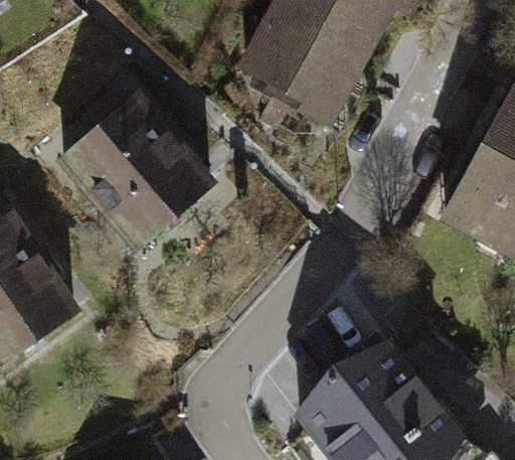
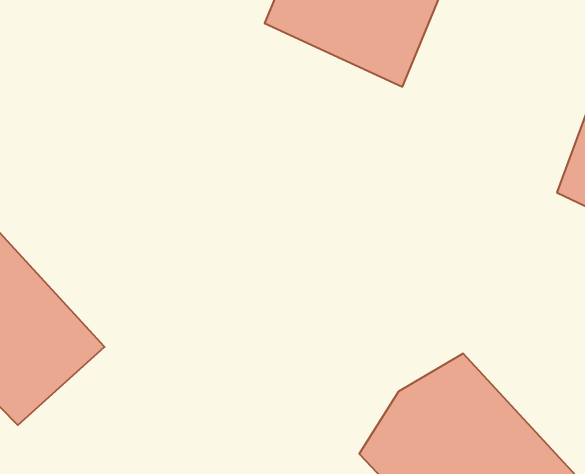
building: [77,95,236,251] -> none

